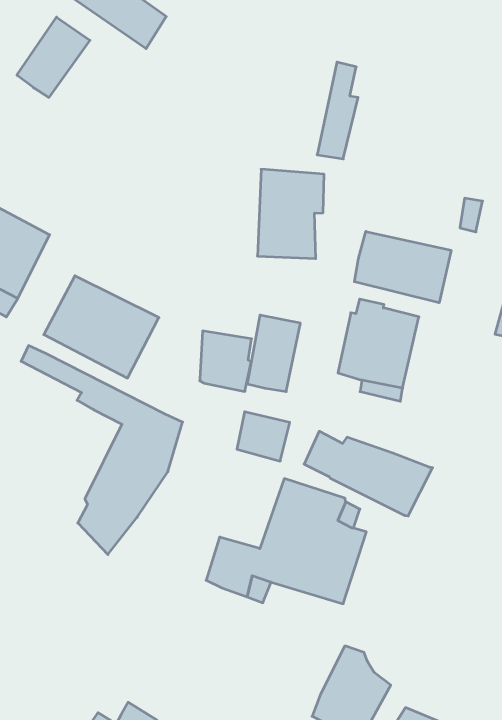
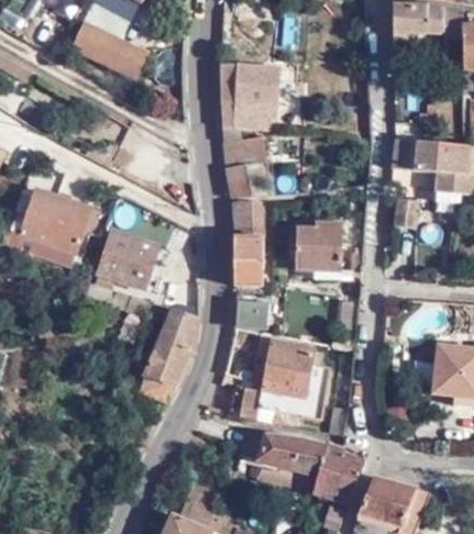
building: [17,17,90,97] -> none
building: none -> [218,62,261,126]
building: [354,231,451,303] -> none
building: [200,331,252,391] -> [230,203,265,238]
building: [304,431,433,516] -> [242,433,327,479]

